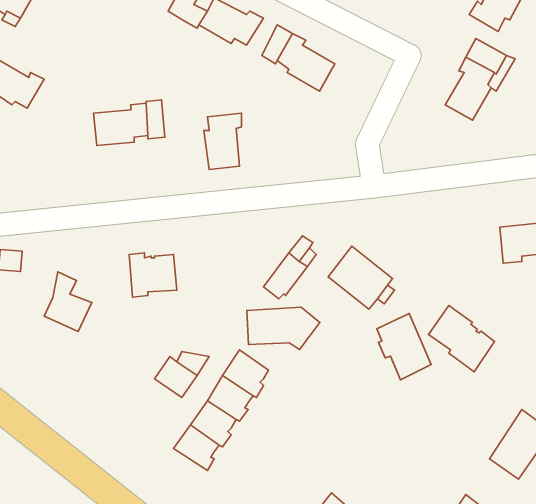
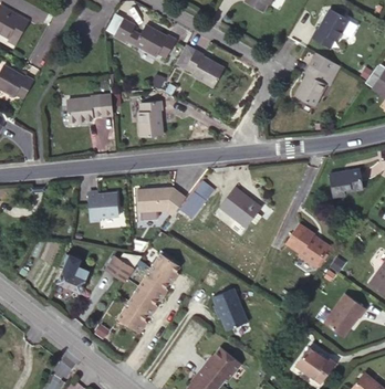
building: [44,272,92,331] -> [58,253,89,292]
building: [247,307,320,350] -> [138,187,186,214]
building: [377,313,431,380] -> [211,287,247,330]

